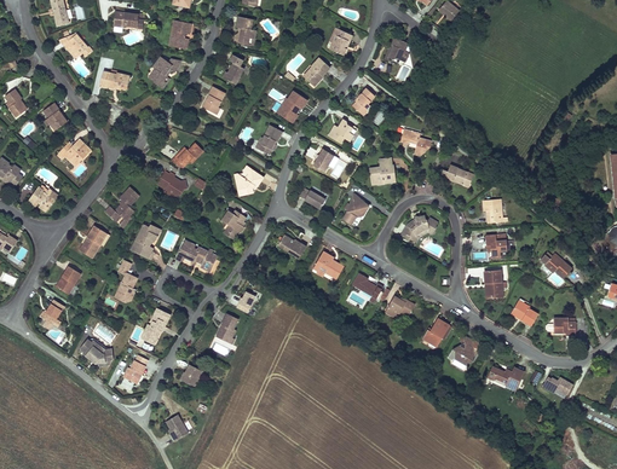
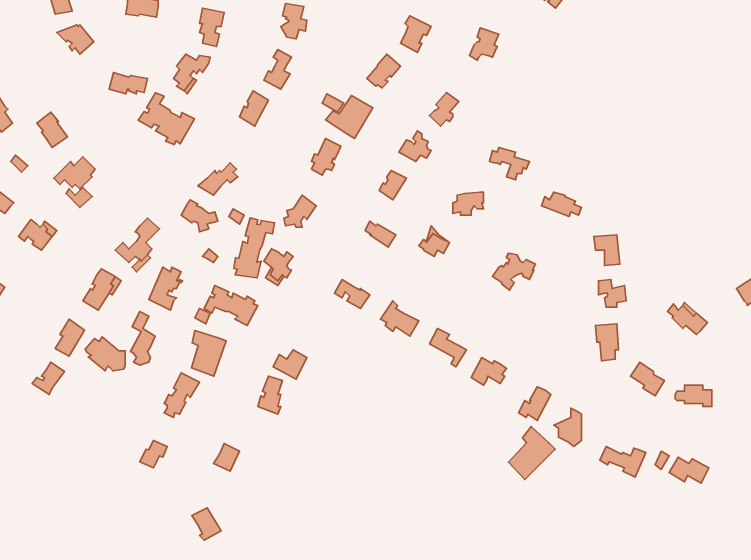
building: none -> [138,93,194,145]
building: none -> [234,218,275,278]
building: none -> [192,331,226,376]
building: [80,337,111,364] -> [85,337,125,371]
building: none -> [509,427,555,479]

